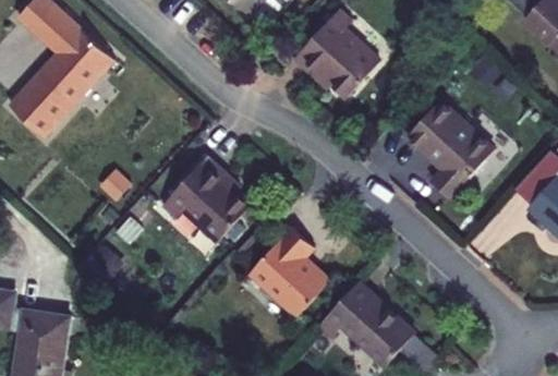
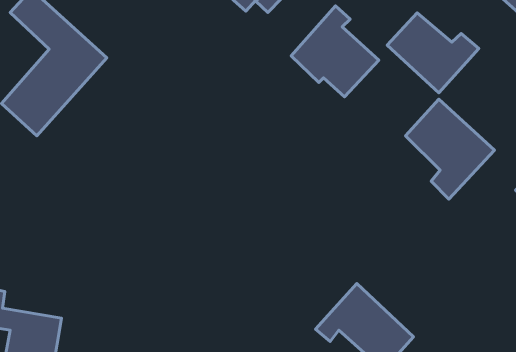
building: none -> [387,13,479,93]
building: [161,157,250,242] -> none
building: [250,227,329,316] -> none

